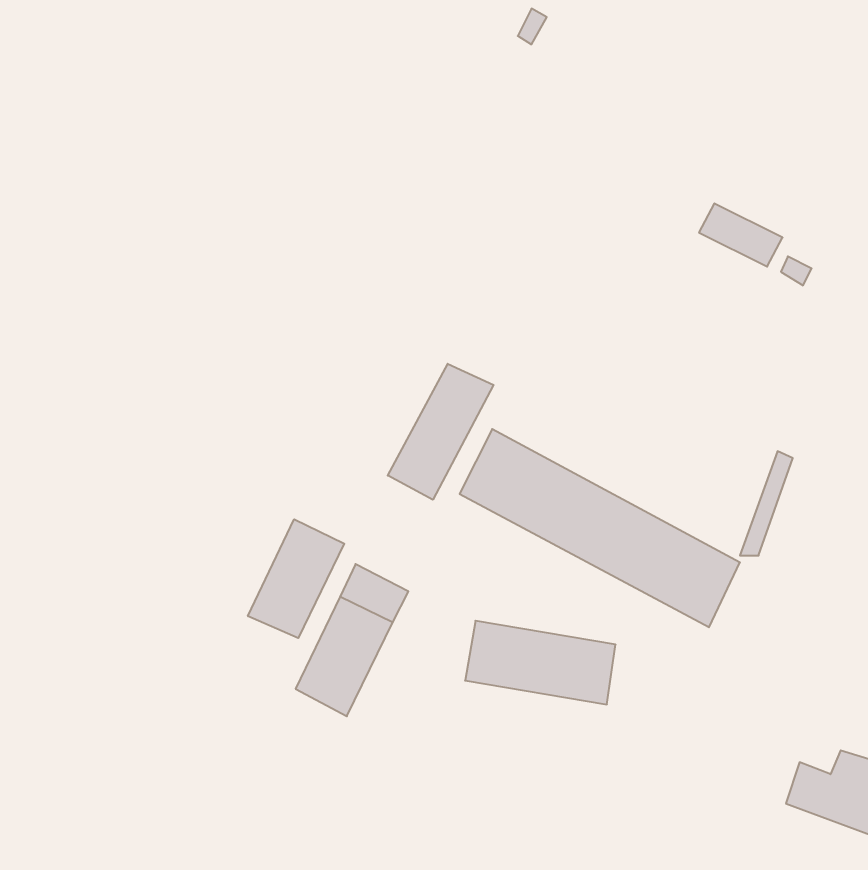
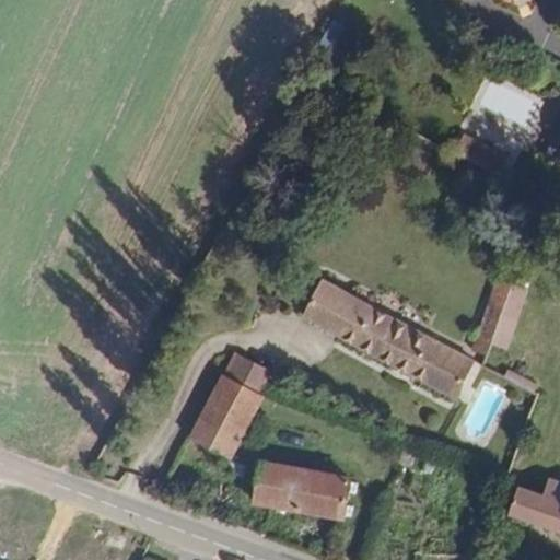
building: [388,364,494,500] -> none
building: [248,519,344,638] -> none
building: [465,621,616,704] -> [252,464,348,517]

